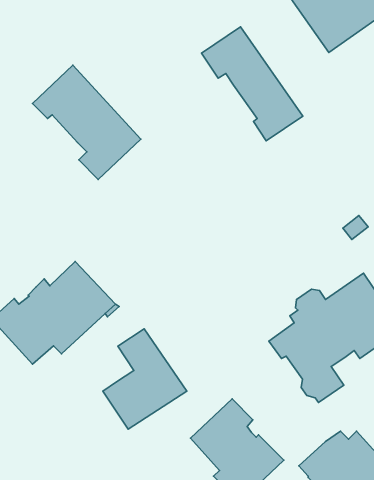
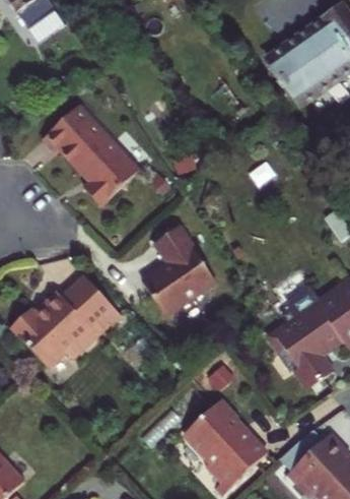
building: [202,27,303,141] -> none
building: [103,329,187,429] -> [142,227,216,315]

